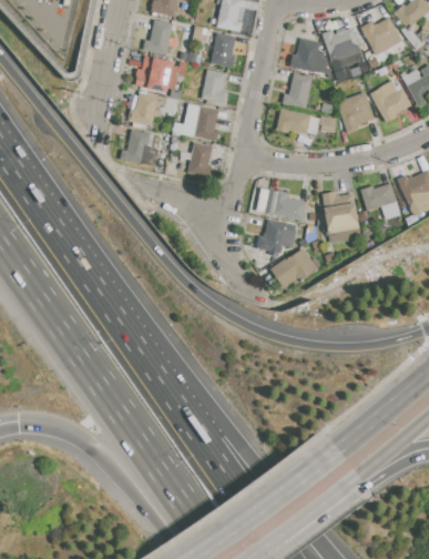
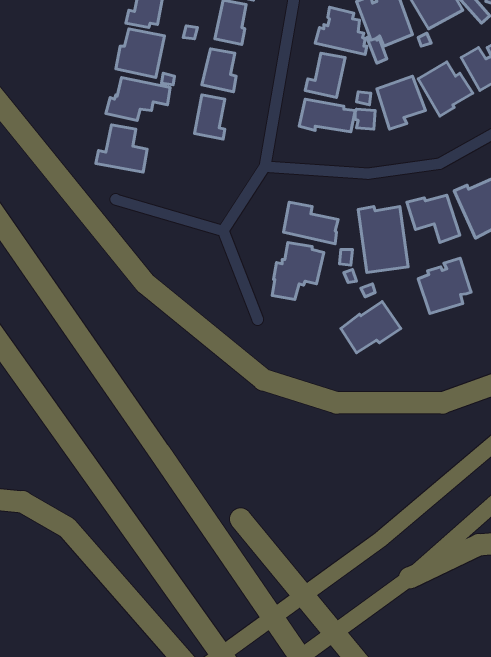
building: [172,103,202,136] -> none
building: [180,141,214,176] -> none
building: none -> [418,258,471,314]
building: [272,247,318,287] -> [341,301,401,353]

